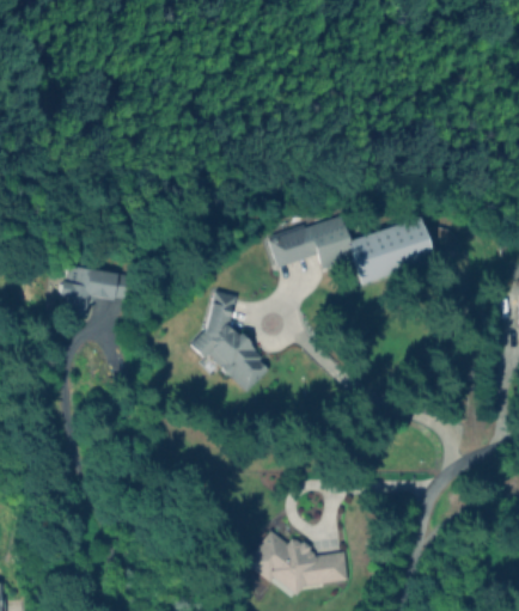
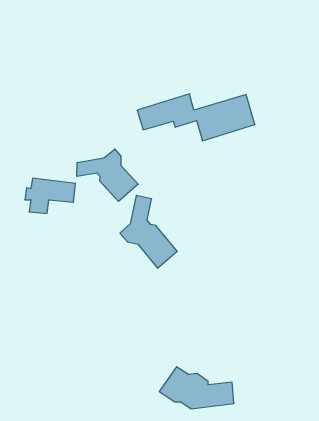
building: [269,216,433,282] -> [137,94,255,141]
building: none -> [77,149,138,201]

